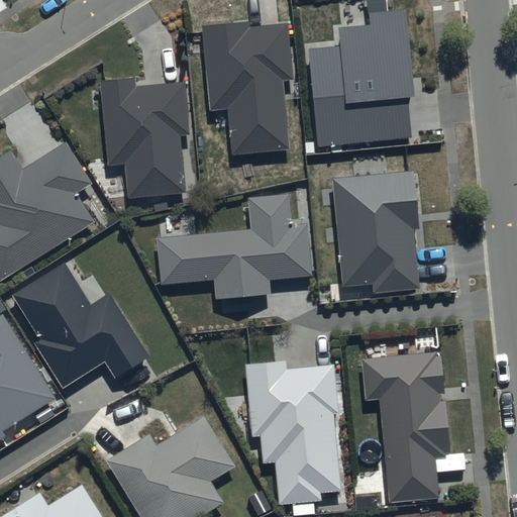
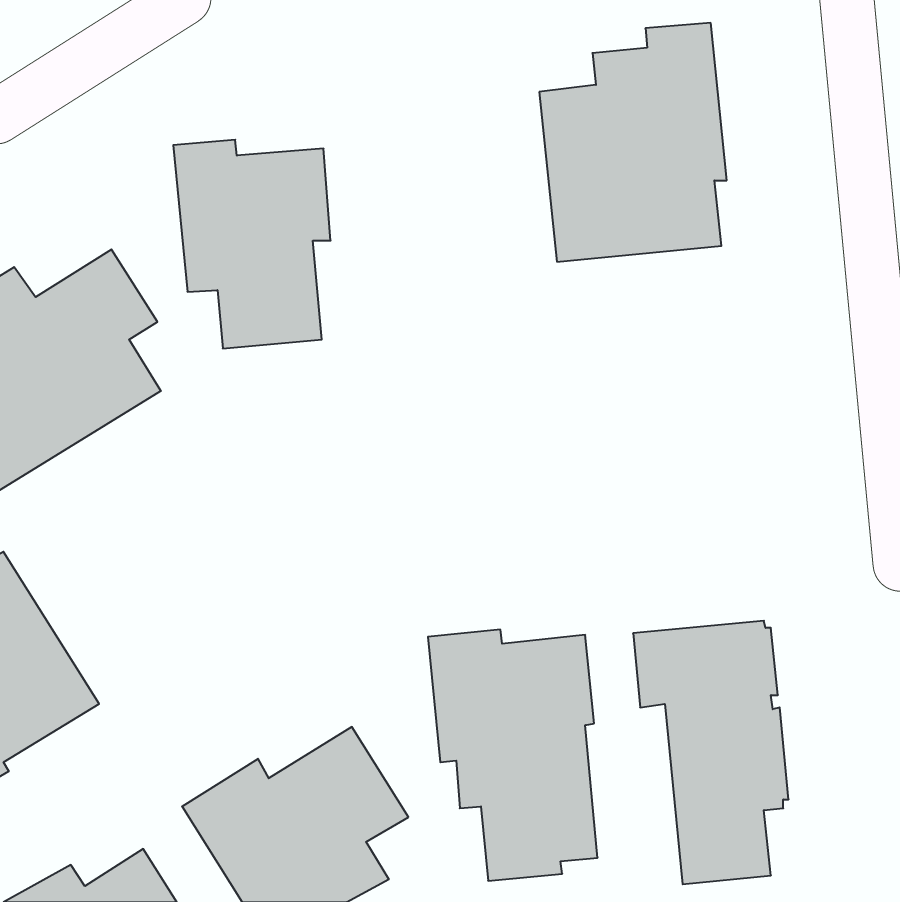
building: [203,26,294,159] -> none
building: [331,172,420,294] -> none
building: [156,194,312,299] -> none
building: [9,262,146,388] -> none

